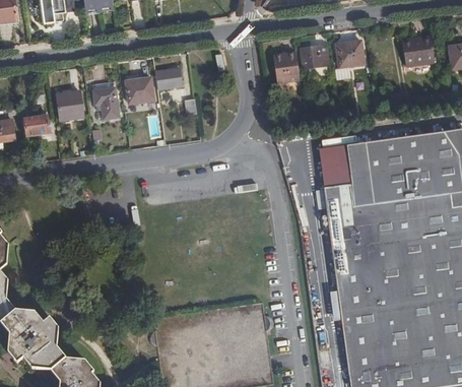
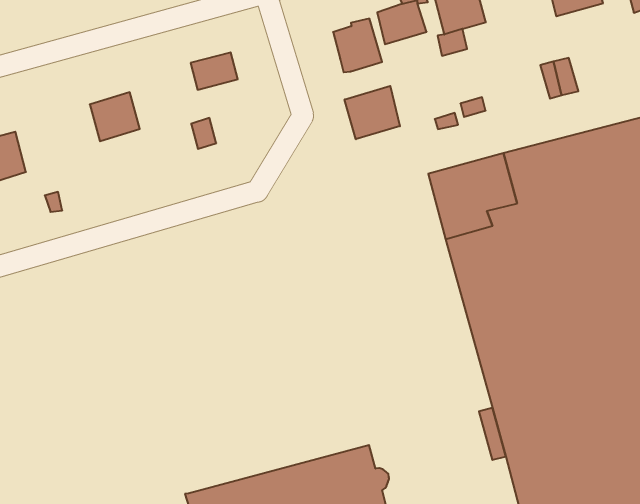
building: [155,69,182,88] -> [191,52,238,90]
building: [93,82,119,119] -> none
building: none -> [345,86,400,139]

